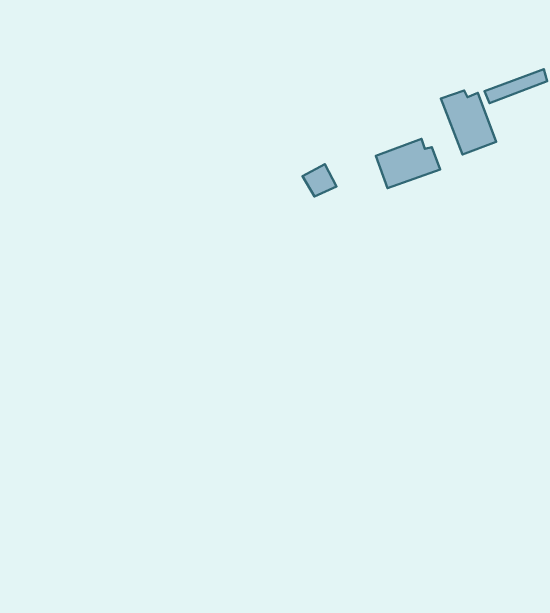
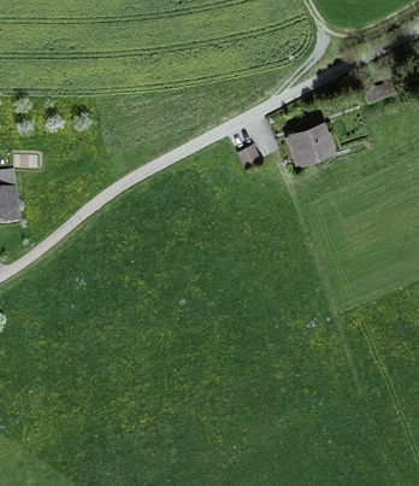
building: [441,90,496,154] -> none

